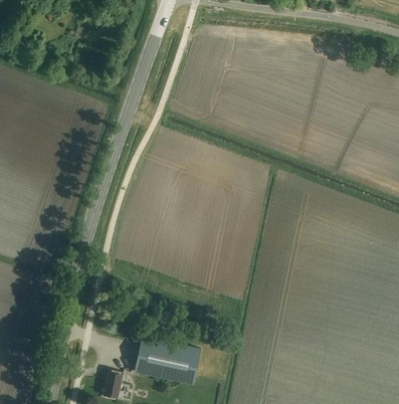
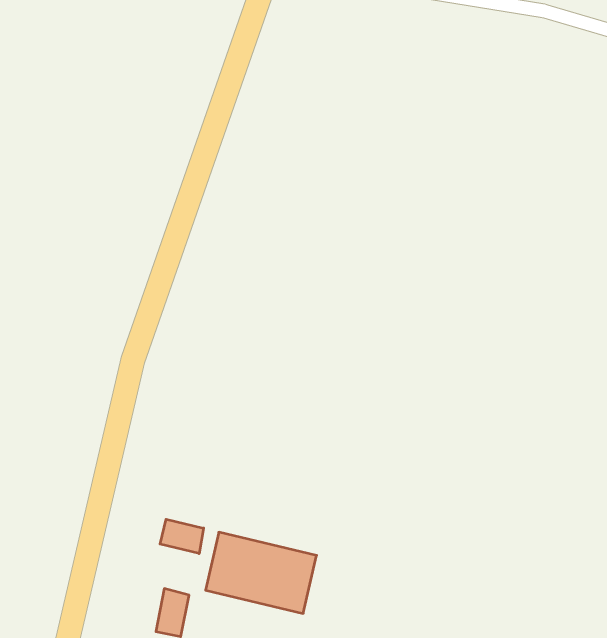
building: none -> [160,519,204,554]

